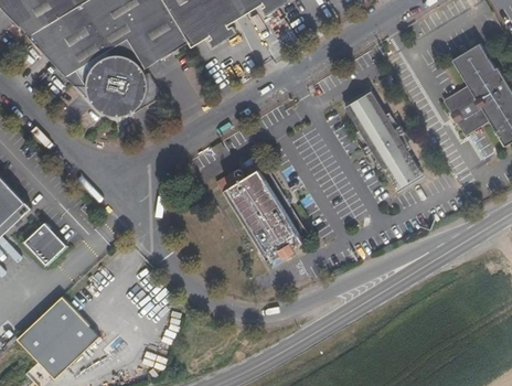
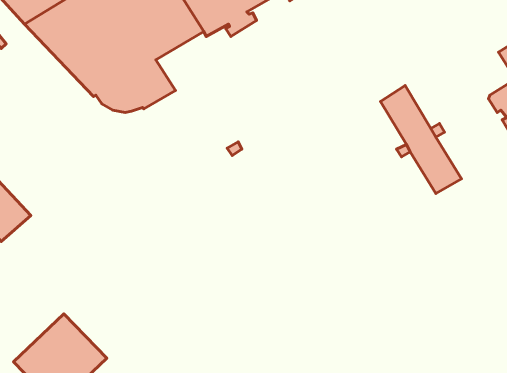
building: [215,152,306,269] -> none
building: [24,222,66,264] -> none

